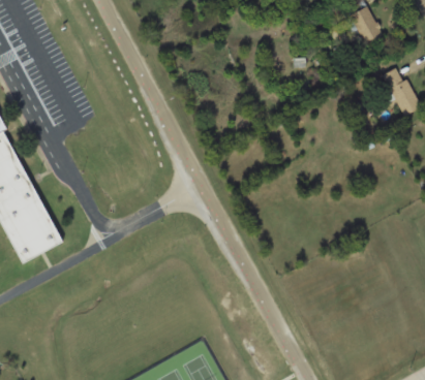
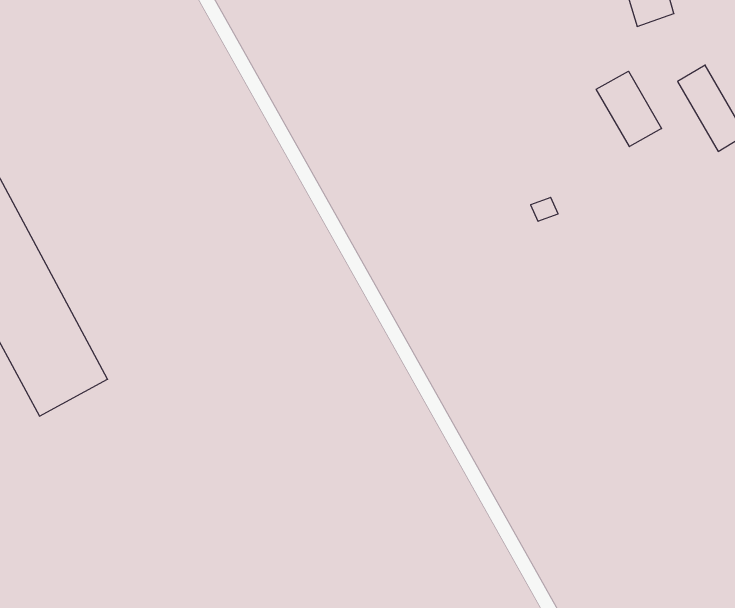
building: none -> [596,71,662,147]

